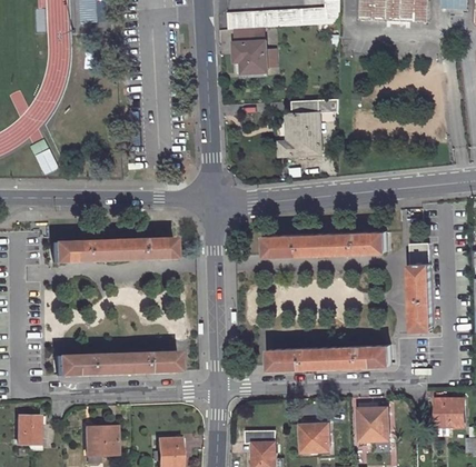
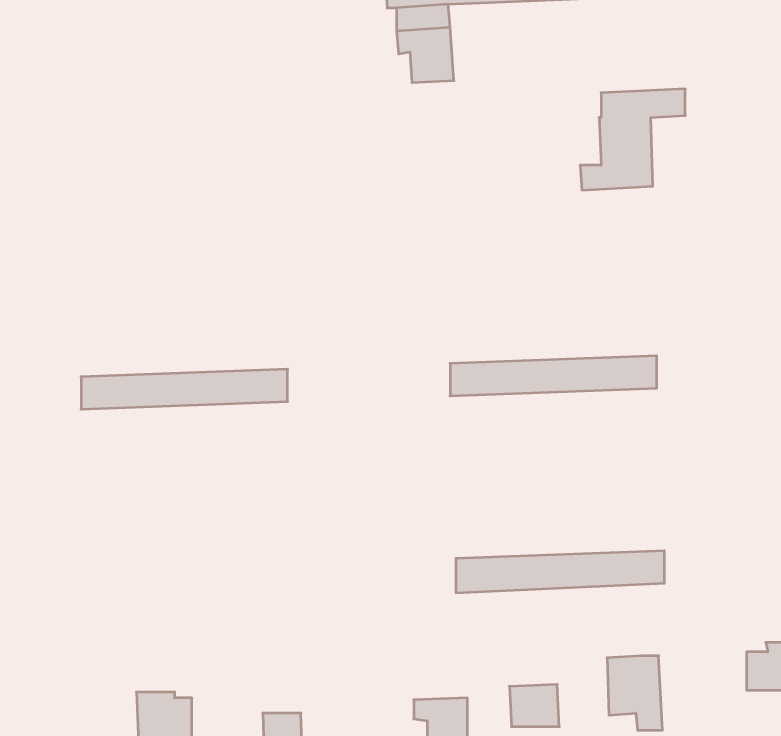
building: [277,99,338,158] -> [580,89,685,190]
building: [410,244,432,329] -> none
building: [56,352,176,376] -> none
building: [17,417,38,445] -> none

